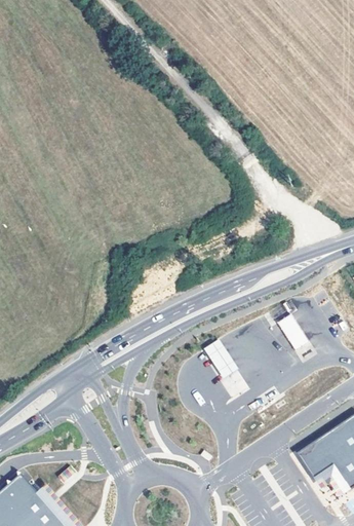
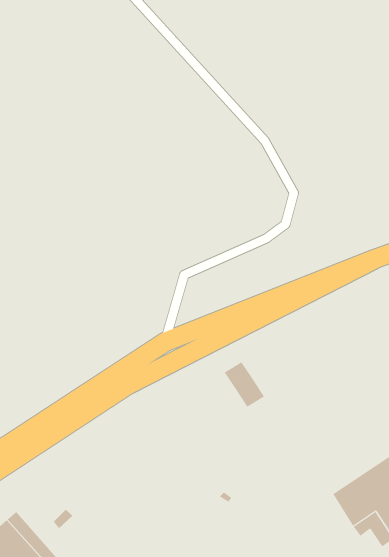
building: [277,315,308,350] -> none

